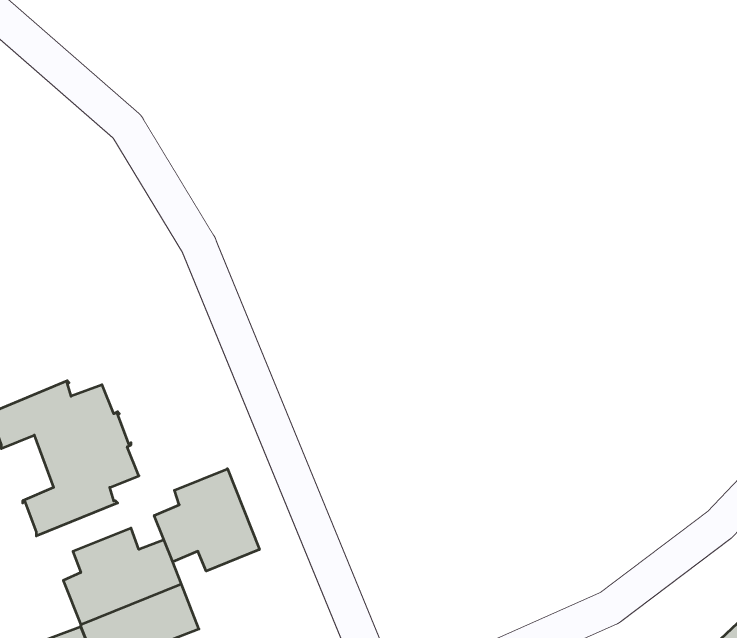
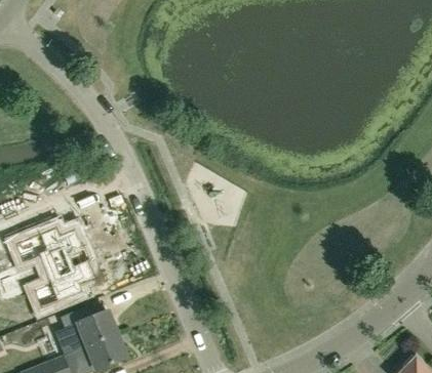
building: [154,469,259,571] -> none

